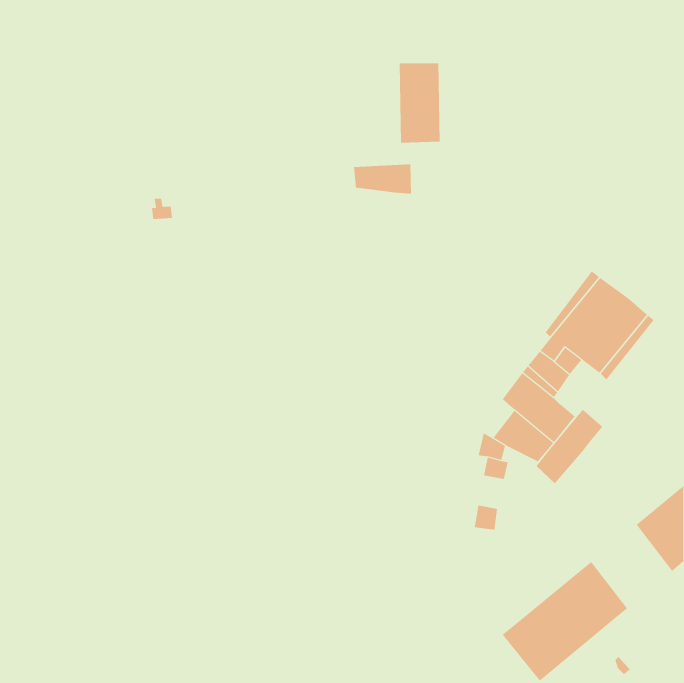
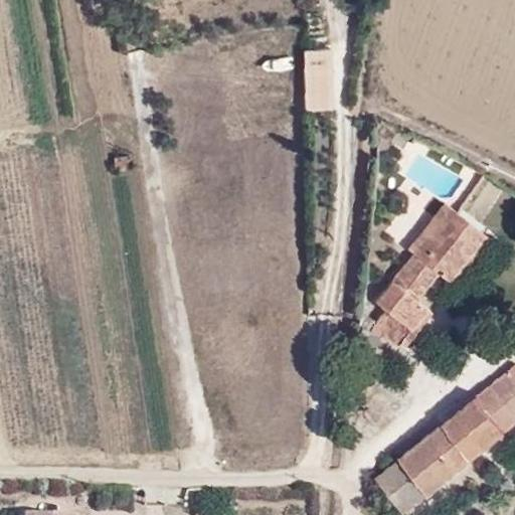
building: [353,164,411,194] -> none
building: [536,409,603,484] -> none
building: none -> [445,395,505,458]

